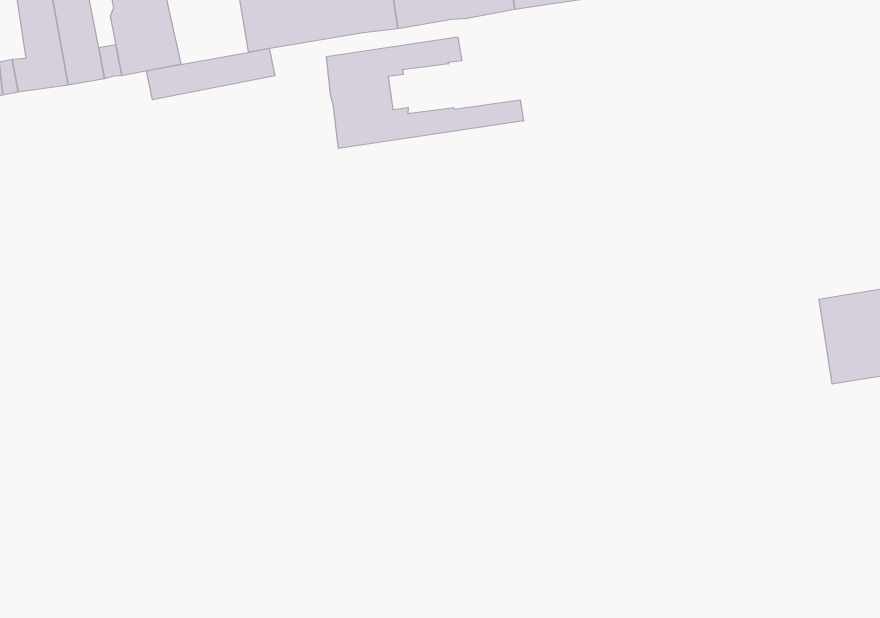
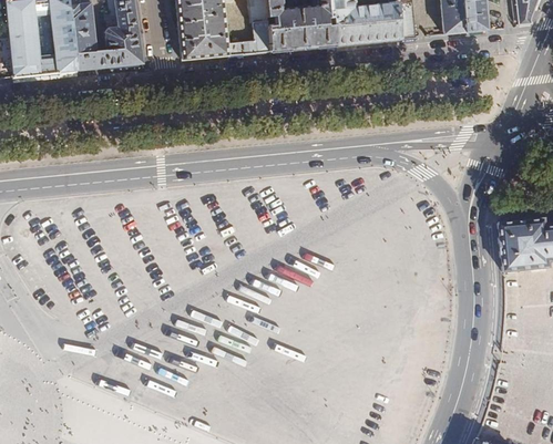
building: [326,37,524,148] -> none
building: [146,48,275,100] -> none

